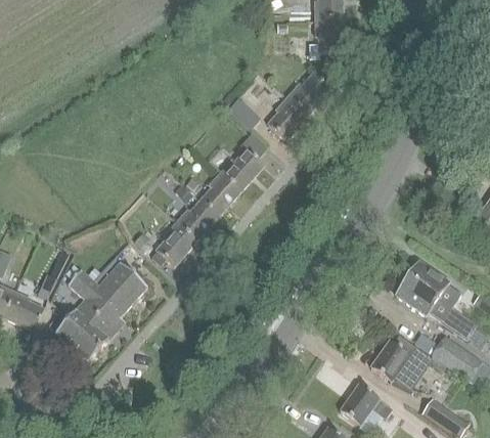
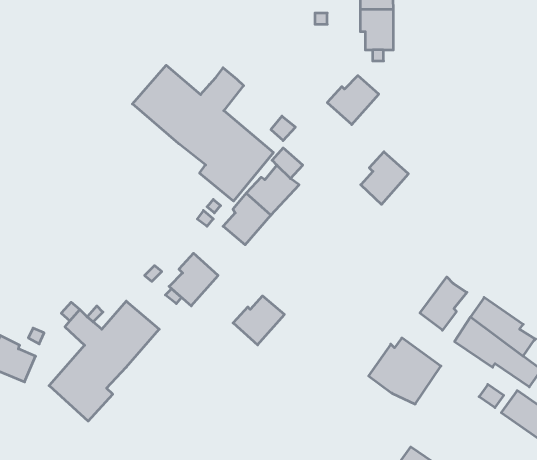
building: none -> [132,65,273,201]
building: [268,95,308,139] -> [361,152,408,204]
building: [176,199,219,239] -> [233,296,284,345]
building: none -> [420,277,467,330]
building: [371,334,432,389] -> [369,338,441,404]

